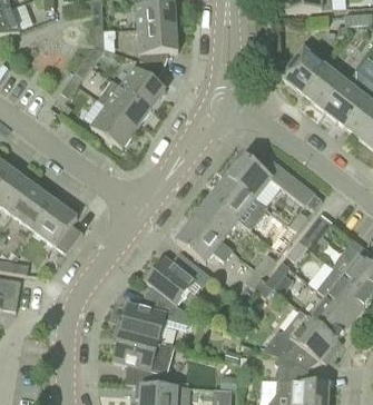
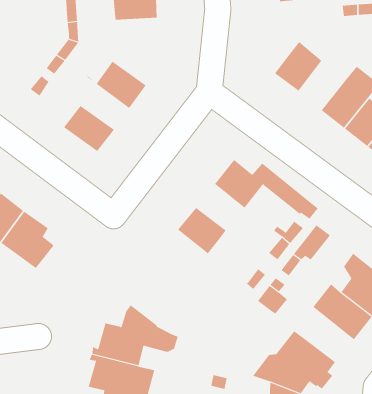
building: [137,27,178,69] -> none
building: [304,66,346,110] -> none
building: [98,80,150,128] -> none
building: [210,177,267,219] -> none
building: [176,218,233,263] -> none
building: [141,250,210,305] -> none
building: [308,295,354,338] -> none

